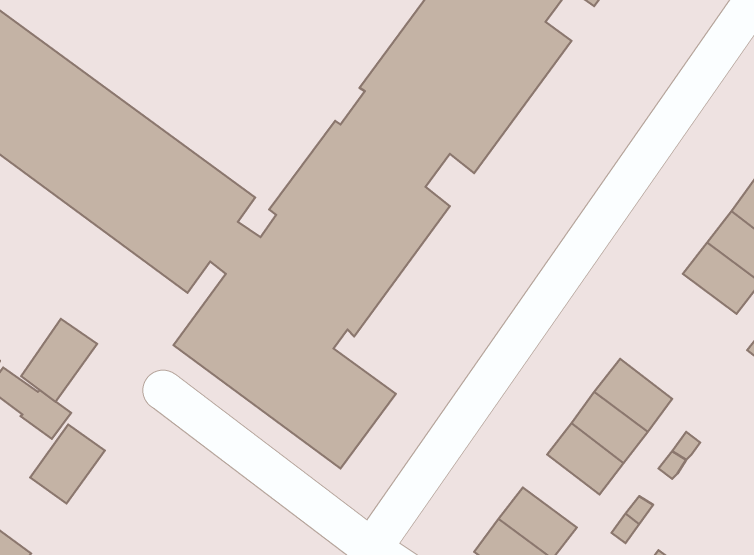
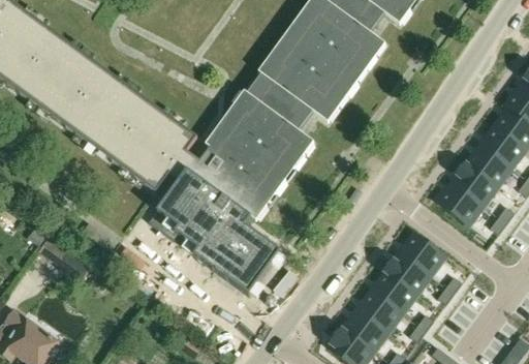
building: none -> [437,181,484,224]
building: [21,319,97,402] -> none
building: [30,425,105,503] -> none
building: none -> [356,289,402,332]

